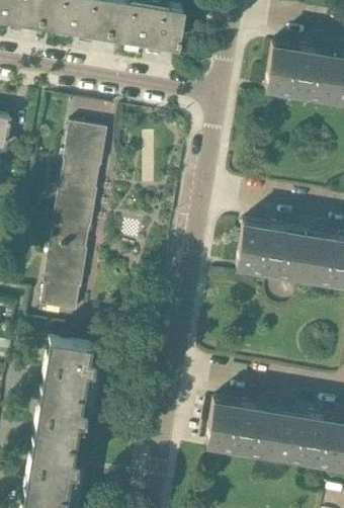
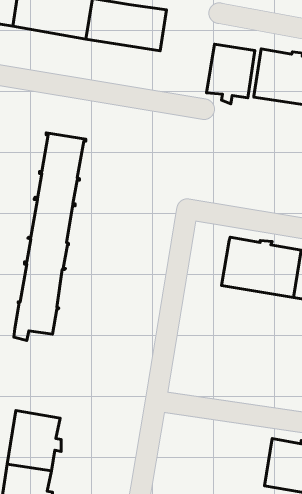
building: none -> [206,44,255,104]
building: [41,340,92,394] -> none
building: [206,402,282,457] -> none

